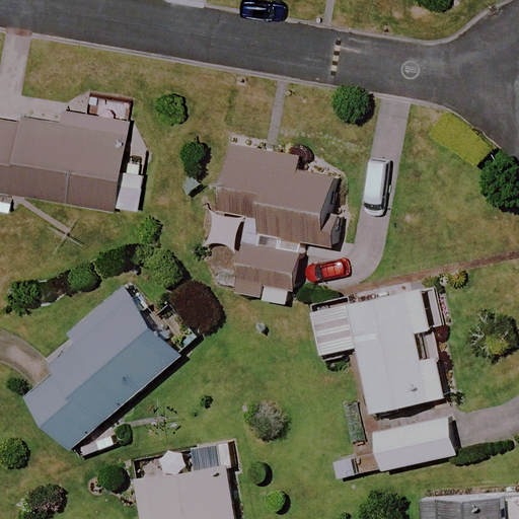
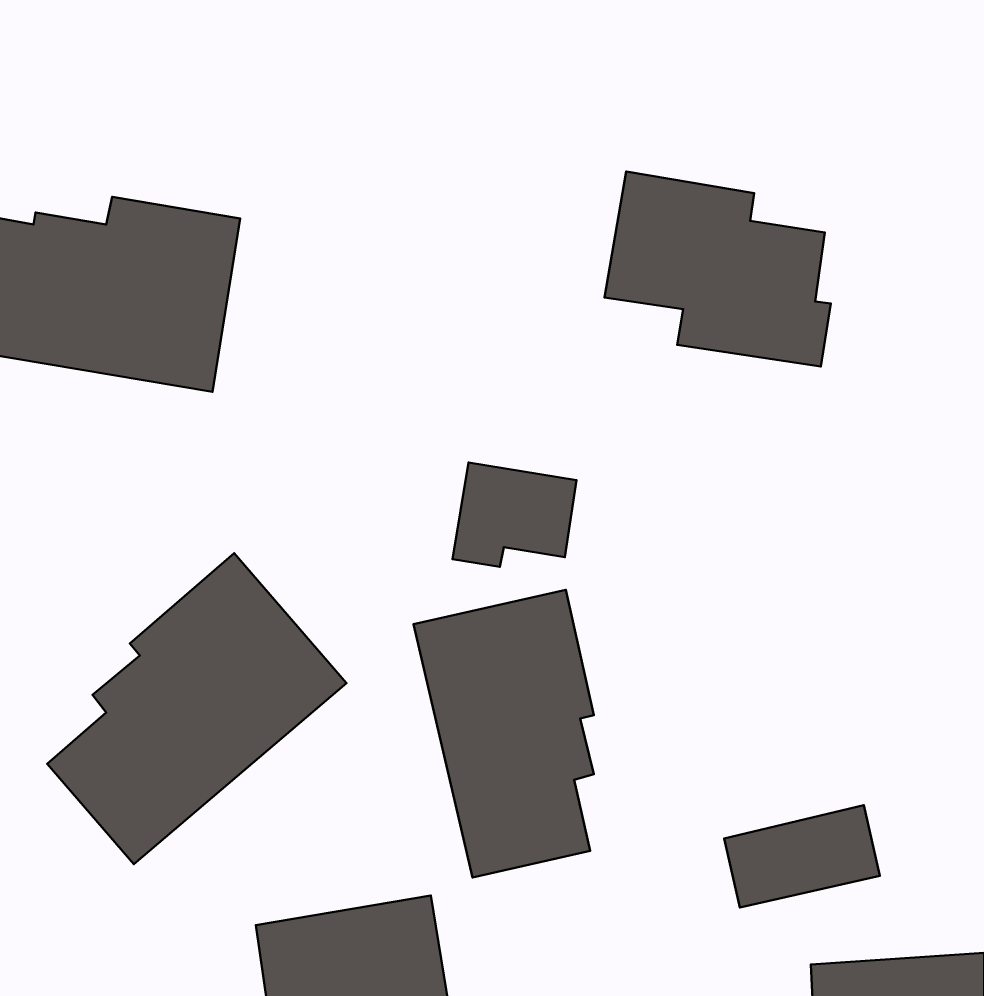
building: [217,147,333,247] -> [604,172,831,366]
building: [310,289,442,413] -> none
building: none -> [413,590,594,878]

